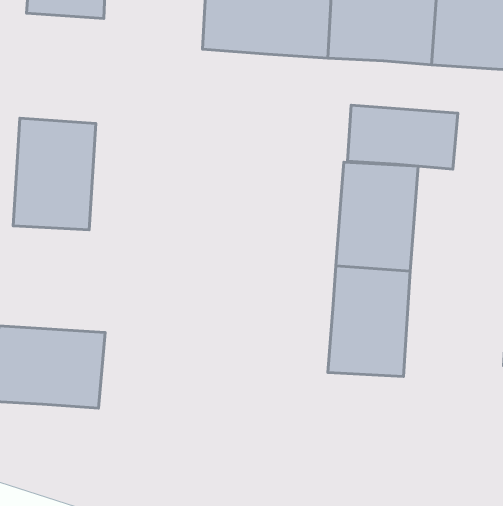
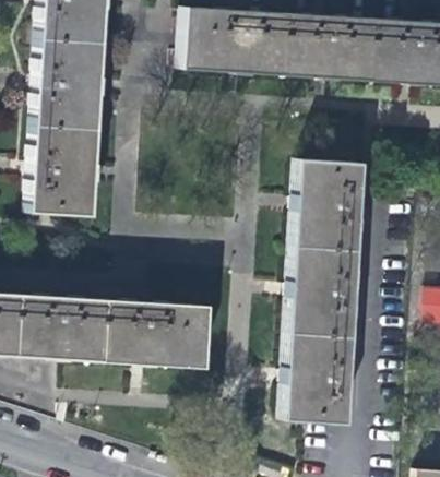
building: none -> [36,37,105,128]
building: [347,105,458,169] -> none
building: none -> [100,299,209,368]
building: none -> [283,332,350,421]

